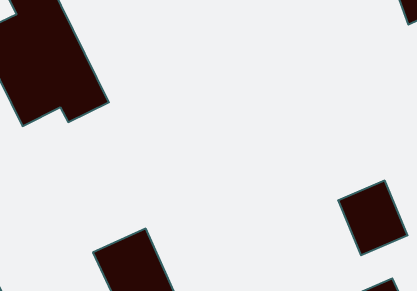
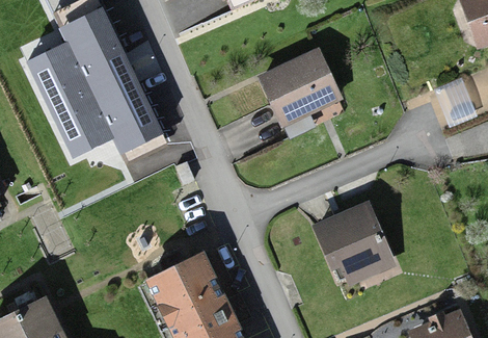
building: none -> [261,52,341,128]
building: [338,181,408,255] -> [316,208,388,286]

